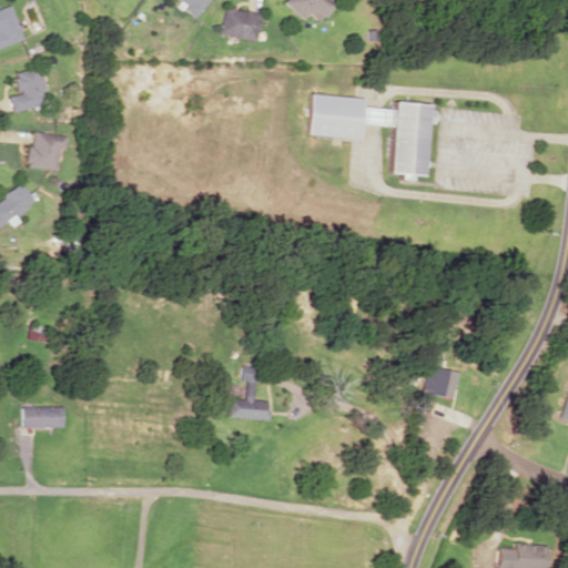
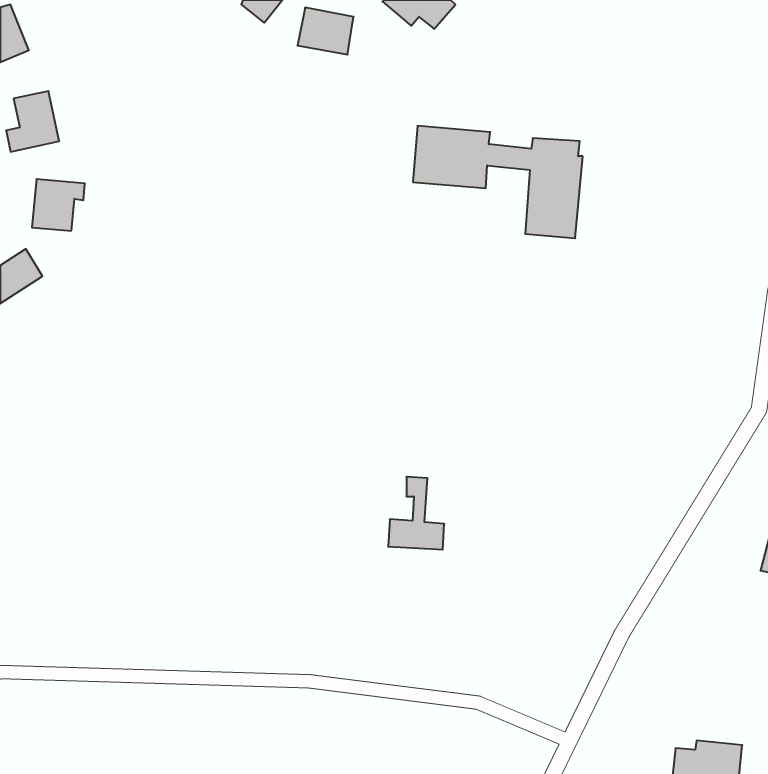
building: [230,366,271,419] -> [388,477,444,550]
building: [425,366,459,398] -> none
building: [23,406,64,427] -> none

